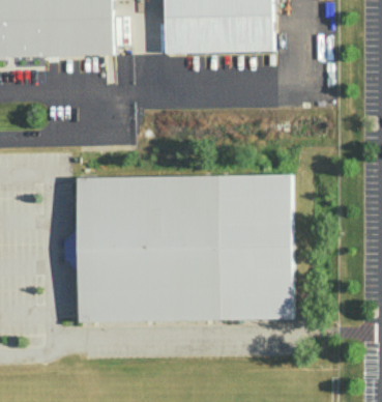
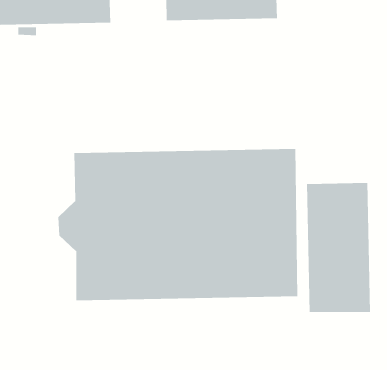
building: none -> [306,182,371,313]

